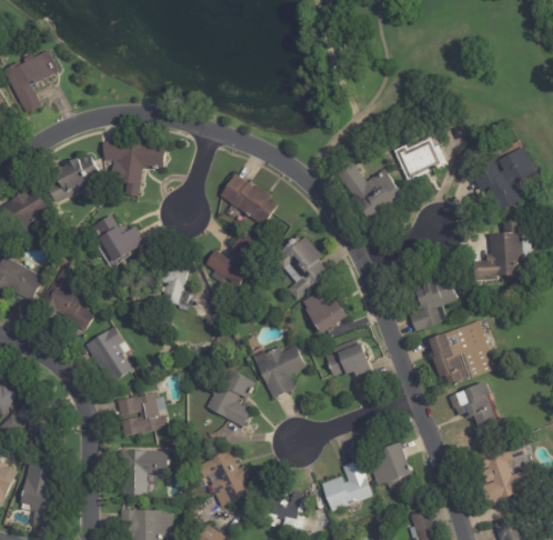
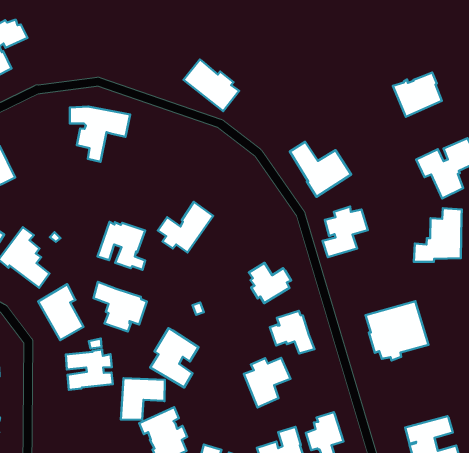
building: [395,134,448,182] -> [393,73,442,117]
building: [49,156,101,203] -> none
building: [220,174,279,227] -> [183,60,239,111]
building: [92,216,145,263] -> none
building: [274,237,328,300] -> none
building: [411,276,458,330] -> [322,206,368,257]
building: none -> [93,282,147,332]
building: [258,346,306,399] -> [244,358,290,408]
building: [448,381,494,427] -> none
building: [124,451,169,496] -> [121,378,165,420]

